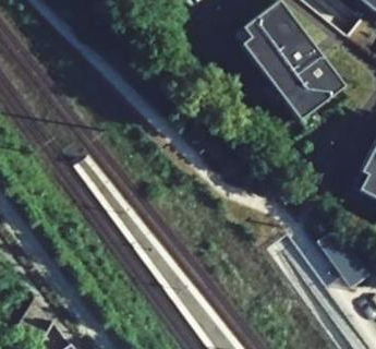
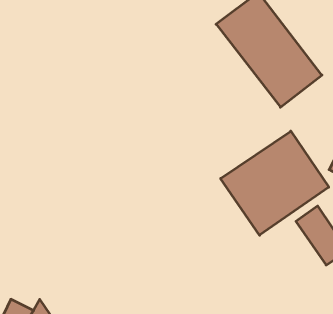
building: none -> [221,131,329,235]

